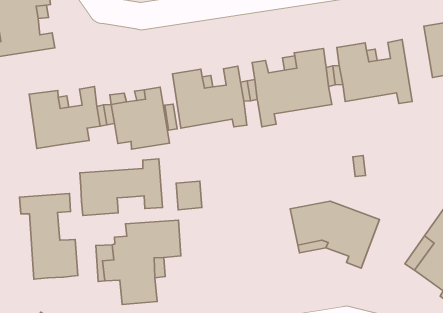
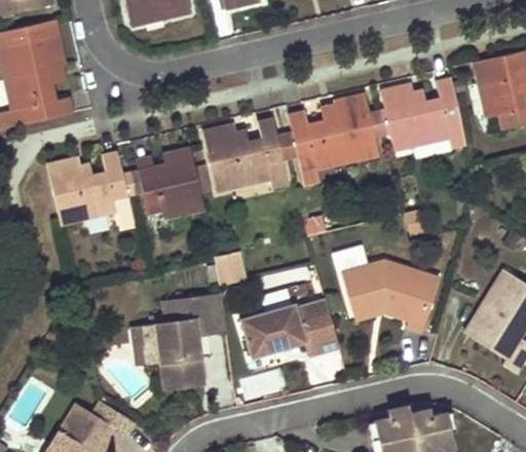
building: [80,159,163,216] -> none
building: [19,193,78,279] -> none
building: none -> [238,297,339,355]

